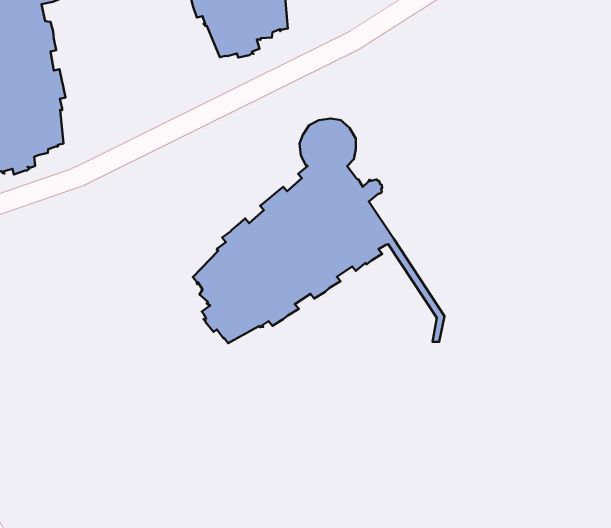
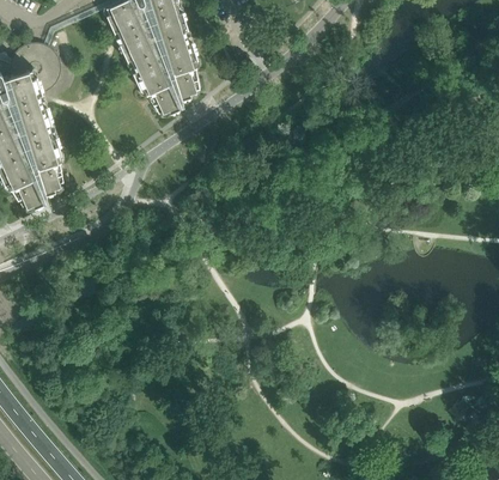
building: [193,119,444,343] -> none

